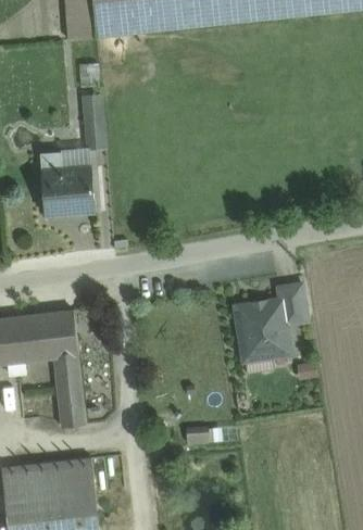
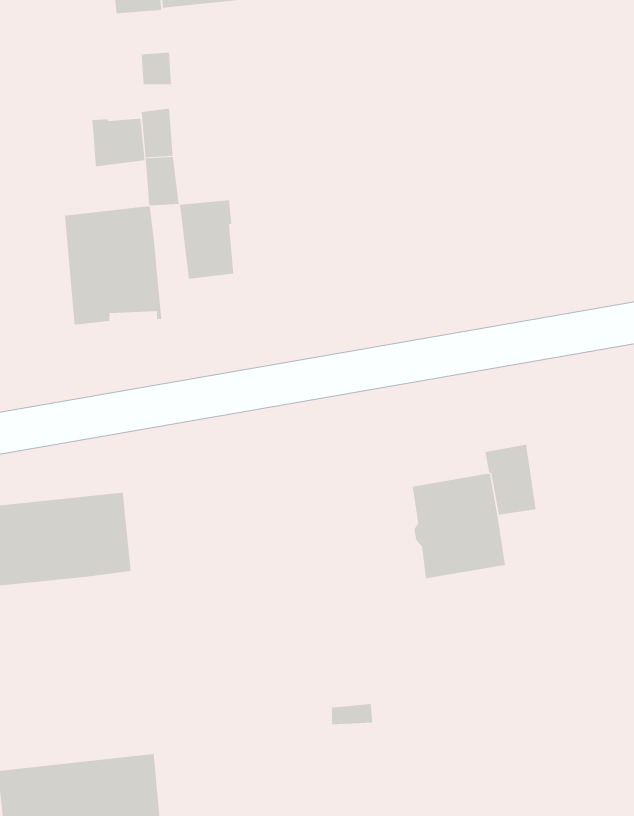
building: none -> [92,118,145,167]
building: none -> [179,200,234,280]
building: [53,355,85,427] -> none

